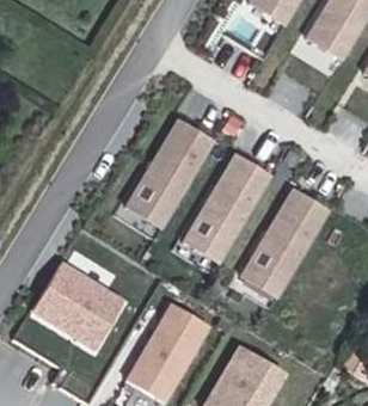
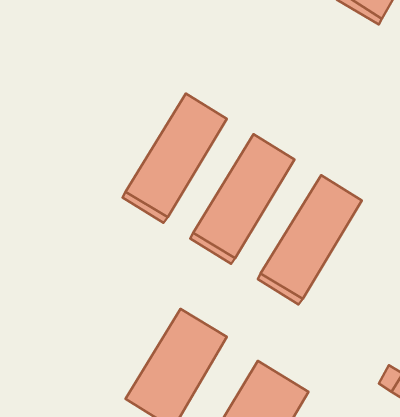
building: [32,259,129,350] -> none

